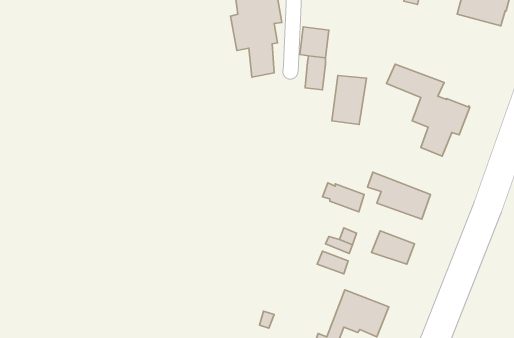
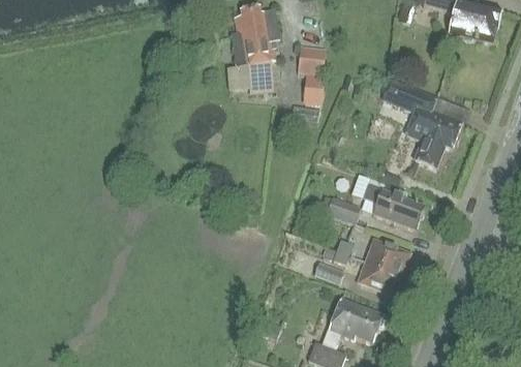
building: [332,75,367,124] -> none
building: none -> [359,261,400,293]

